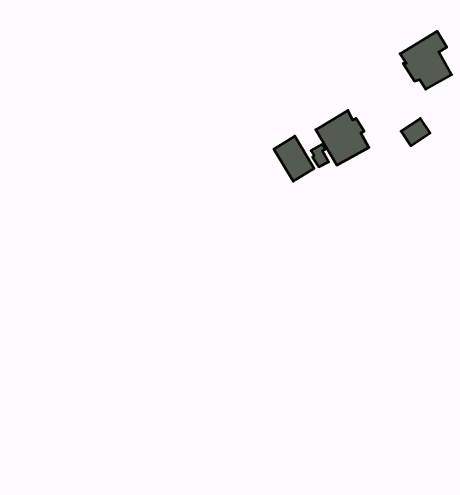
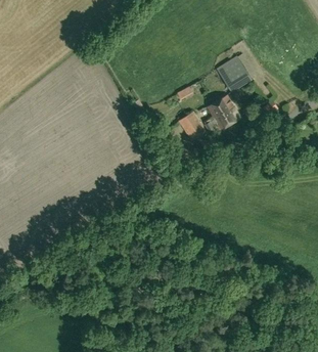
building: [400,31,452,89] -> [217,53,249,90]

